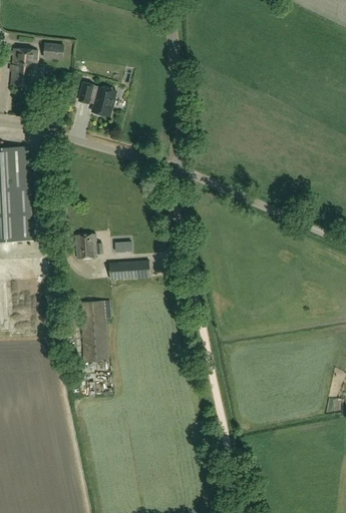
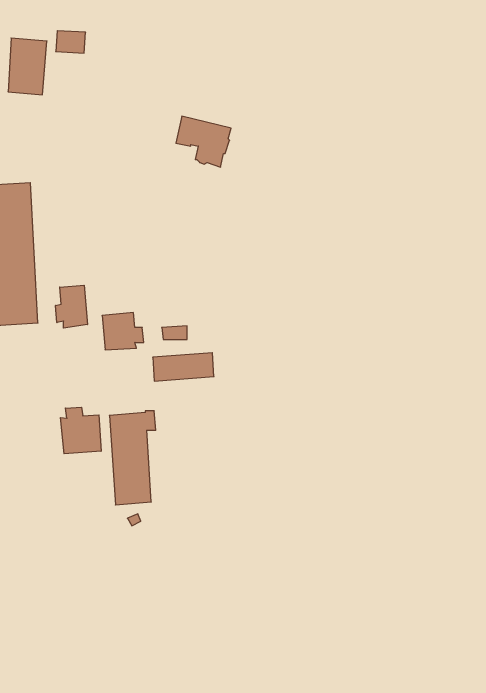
building: [80,80,117,114] -> [176,116,231,167]
building: none -> [56,285,87,328]
building: none -> [60,407,101,454]

